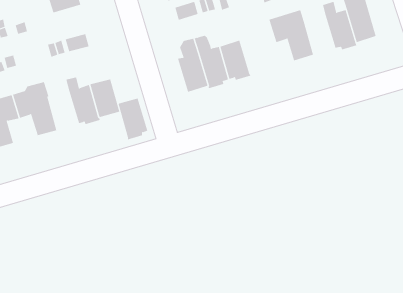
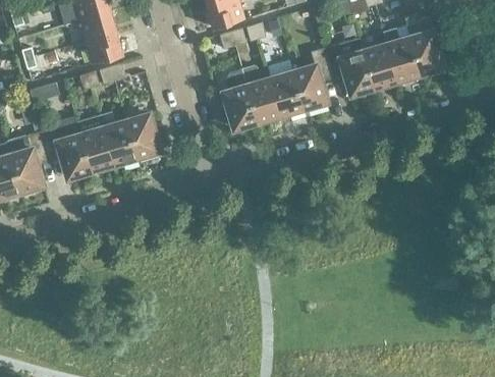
building: none -> [86,32,123,63]
building: none -> [364,43,397,90]
building: none -> [292,48,332,108]
building: [118,98,148,140] -> [80,126,114,173]

